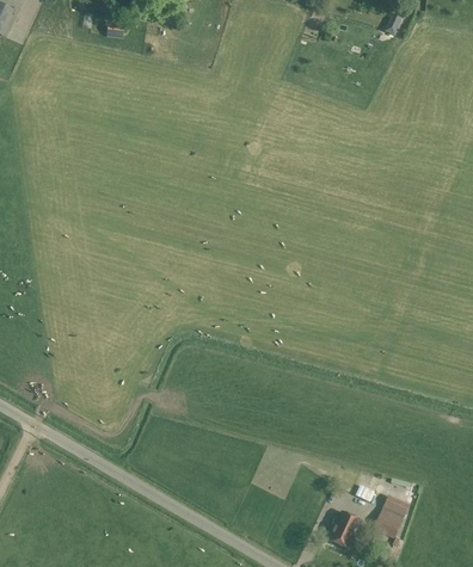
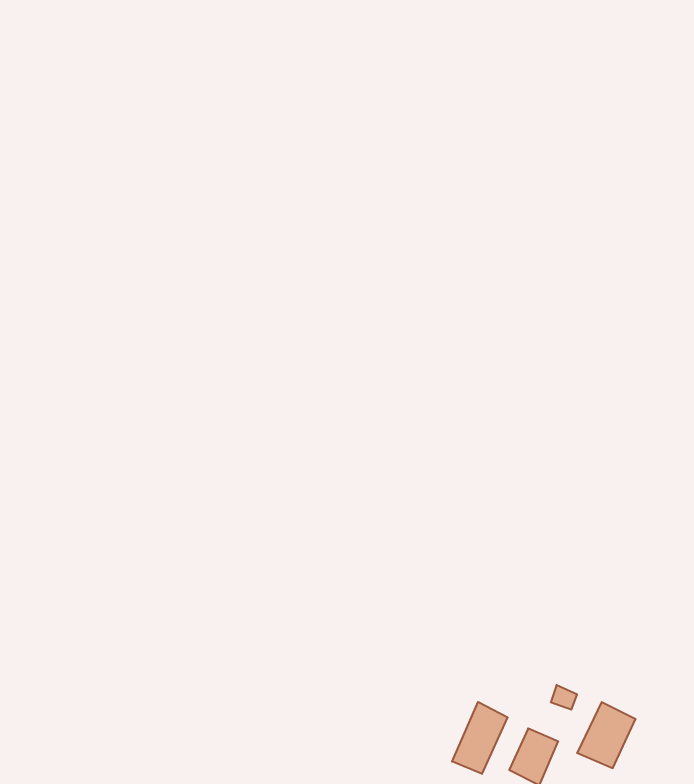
building: none -> [452,702,508,774]

